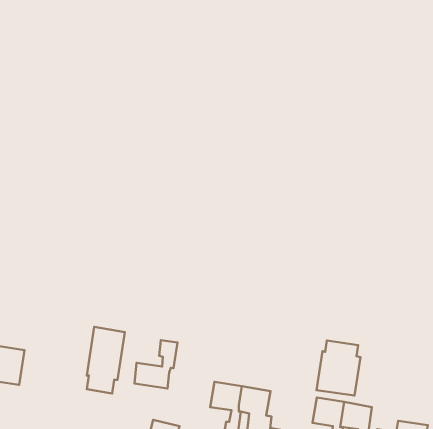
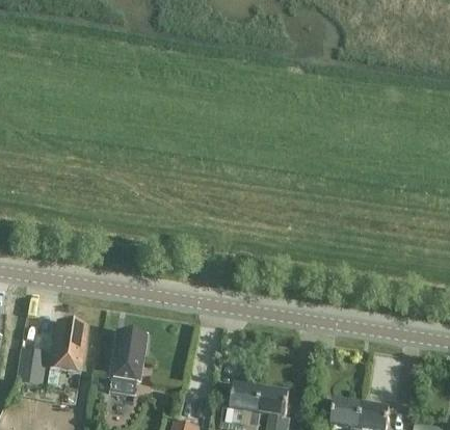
building: none -> [49,319,86,371]
building: [134,340,177,388] -> none
building: [316,341,360,395] -> none

